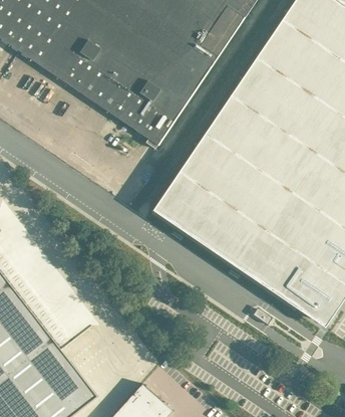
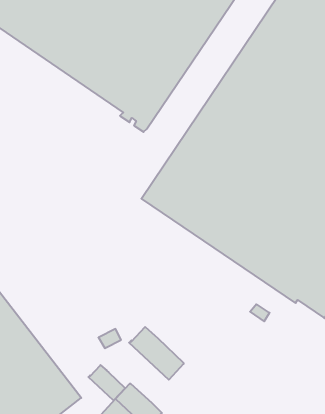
building: none -> [129,327,184,380]
building: none -> [88,365,125,401]

